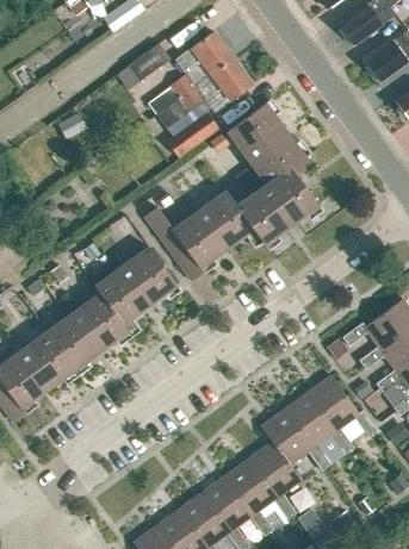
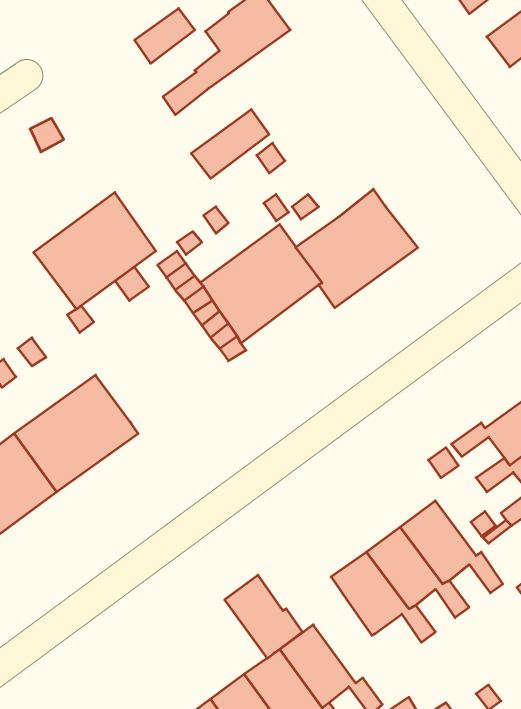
building: [178,58,253,112] -> none
building: [225,102,311,185] -> none
building: [97,244,179,323] -> [34,192,156,309]
building: [248,442,300,498] -> [225,575,302,658]

